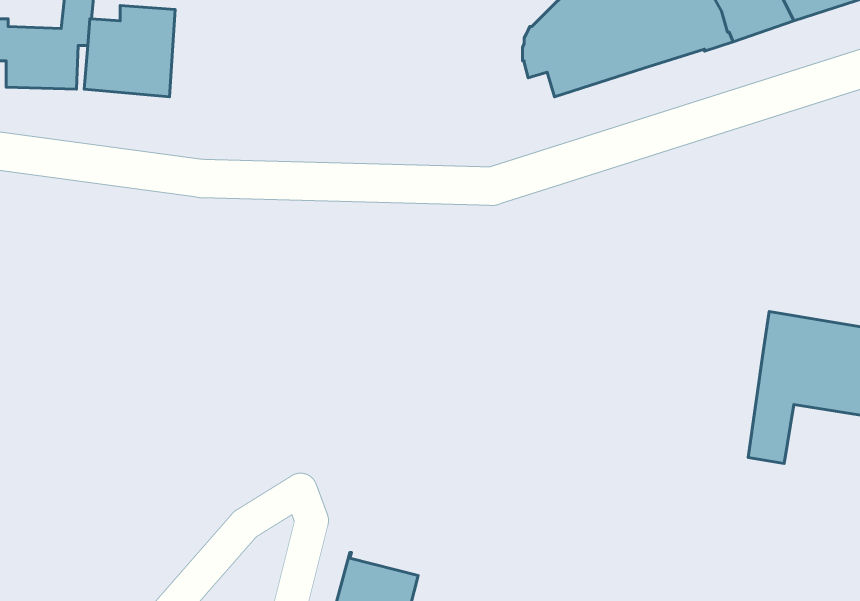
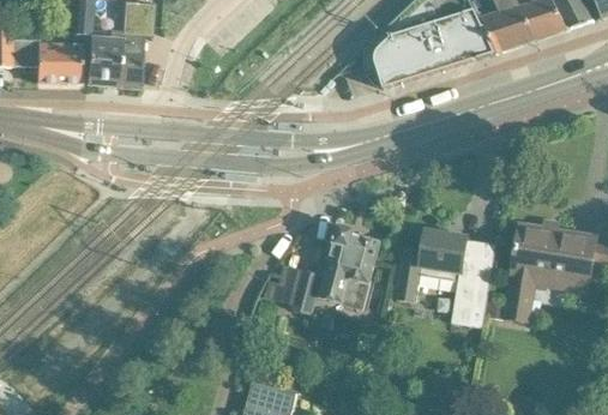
building: none -> [276,227,380,313]
building: none -> [397,231,484,325]

